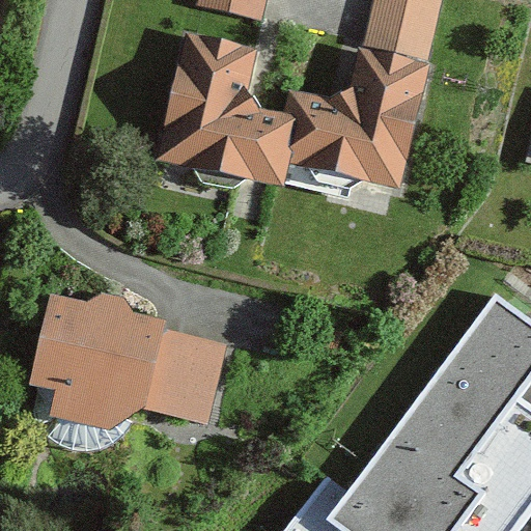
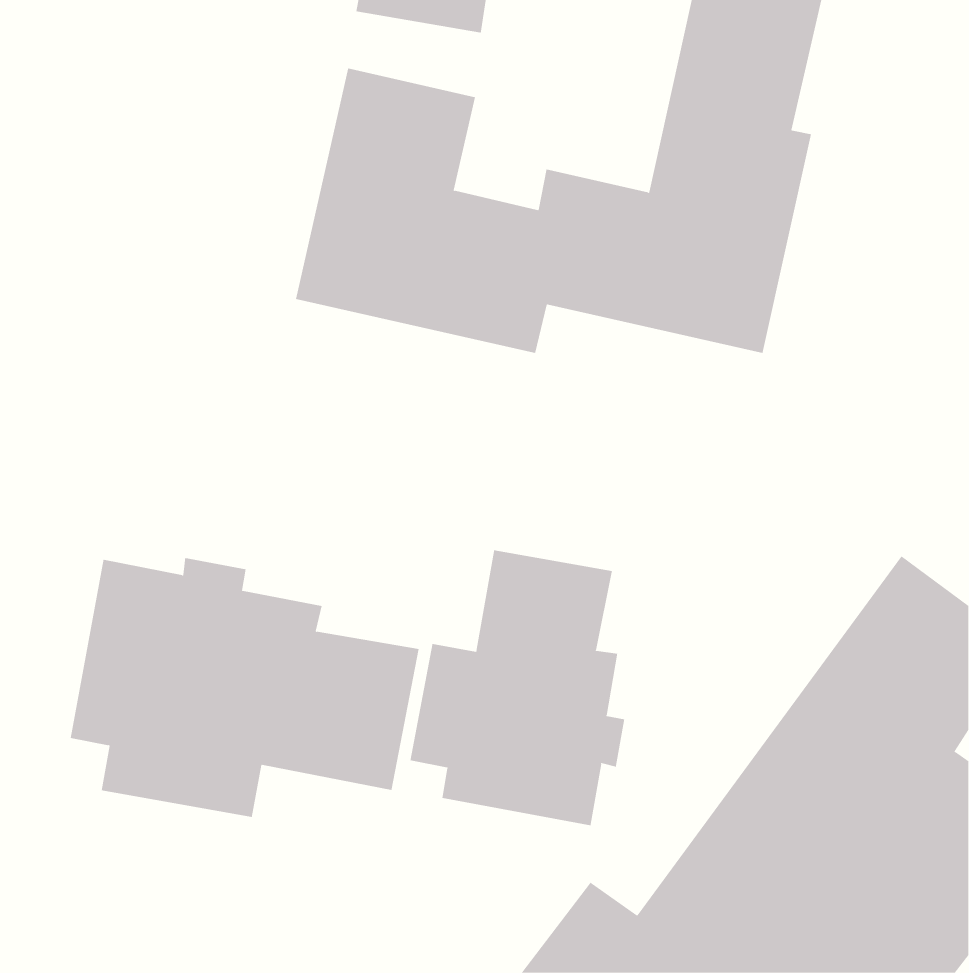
building: none -> [410,549,625,826]

